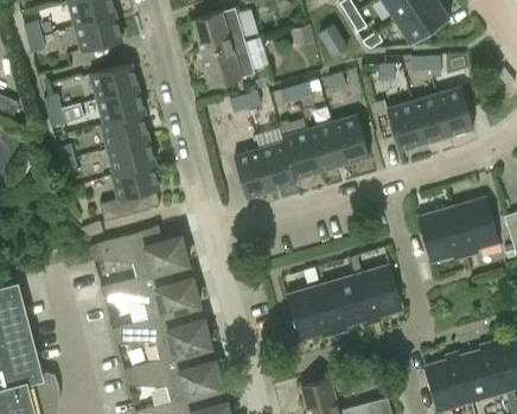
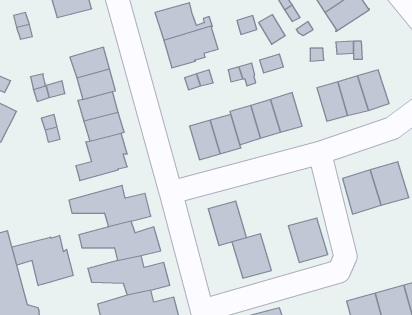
building: [76,15,123,52] -> none
building: [320,276,366,330] -> [208,201,247,246]
building: none -> [12,235,73,286]

